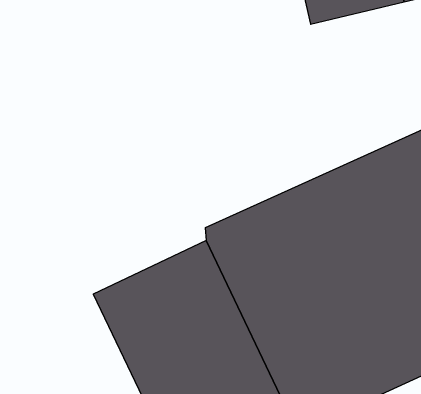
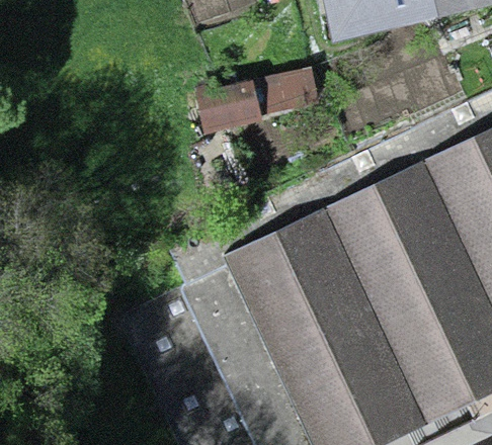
building: none -> [206,62,330,120]

